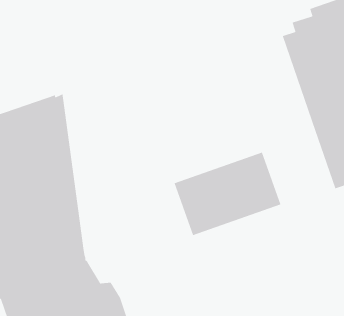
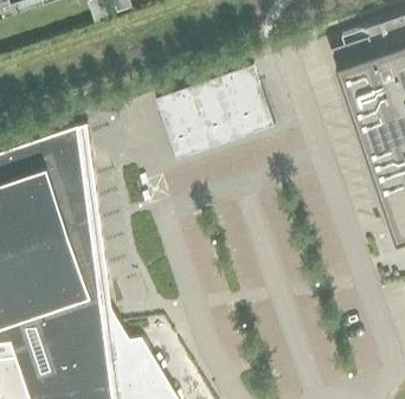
building: [173,151,281,236] -> [156,65,278,161]

